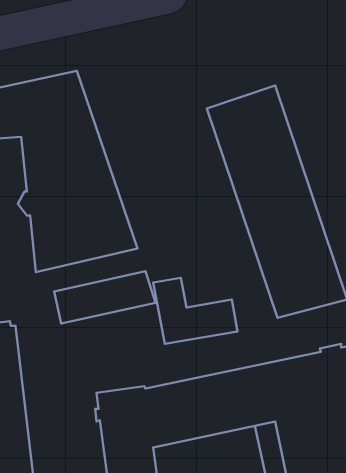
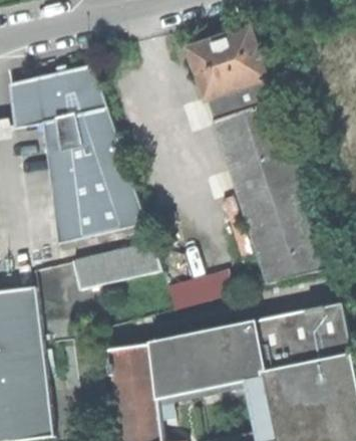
building: none -> [187,29,265,99]

